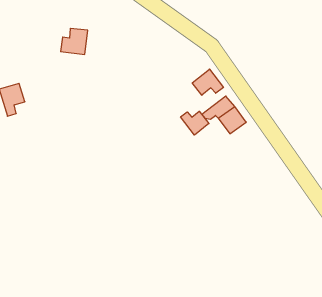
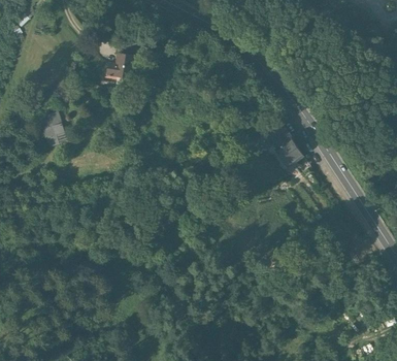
building: [192,69,223,95] -> none
building: [181,111,209,135] -> none

